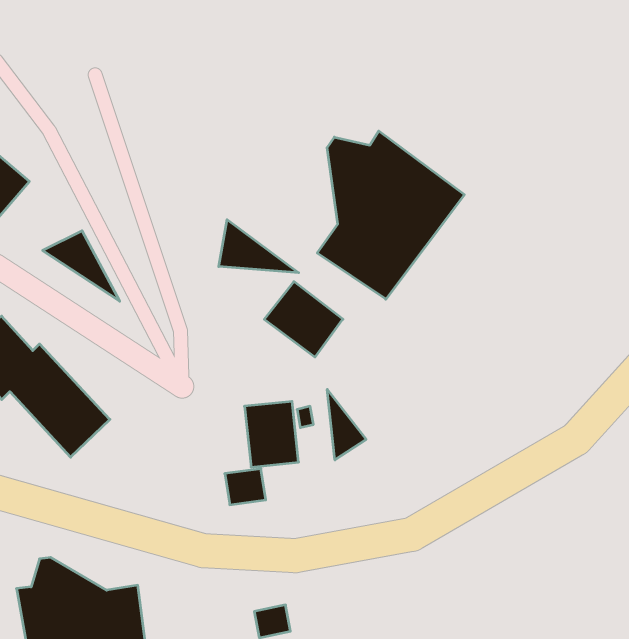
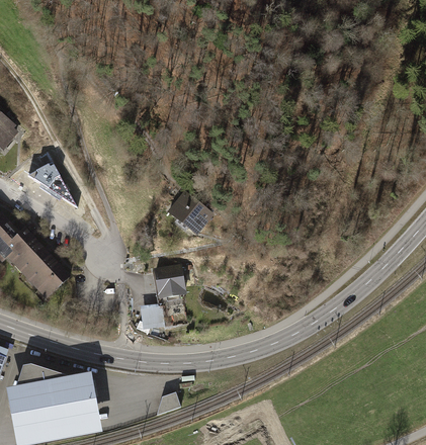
building: [317,131,464,299] -> none
building: [219,220,299,273] -> none
building: [327,389,366,460] -> none

